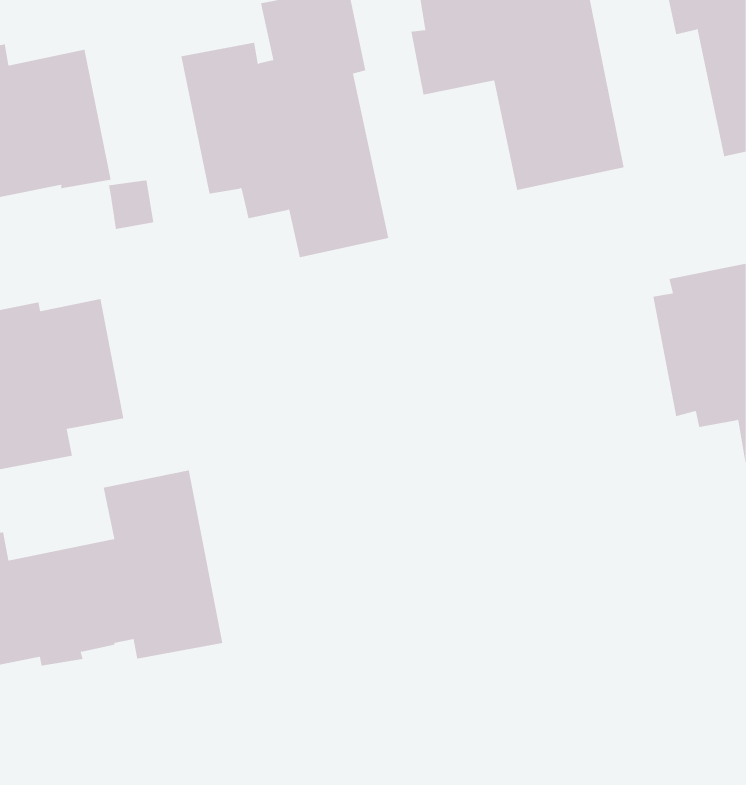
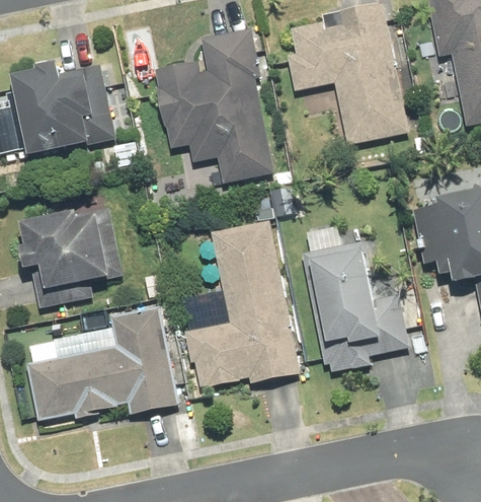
building: none -> [185,220,299,386]
building: none -> [302,225,409,371]

